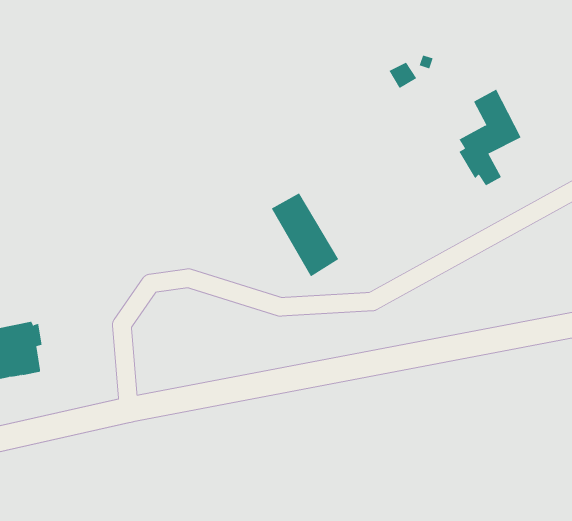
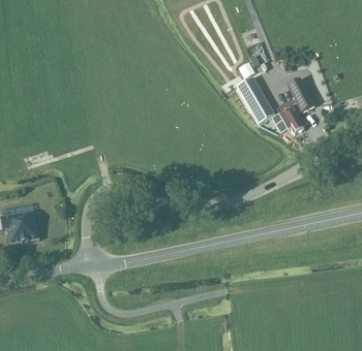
building: [271,192,339,277] -> [236,75,275,124]

